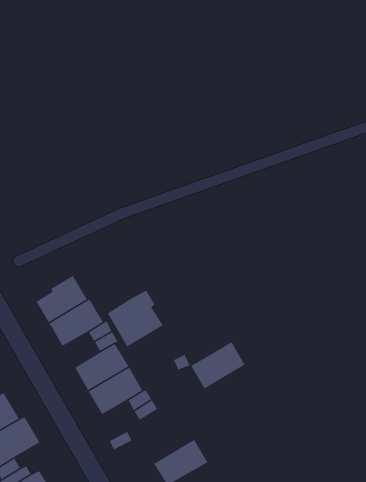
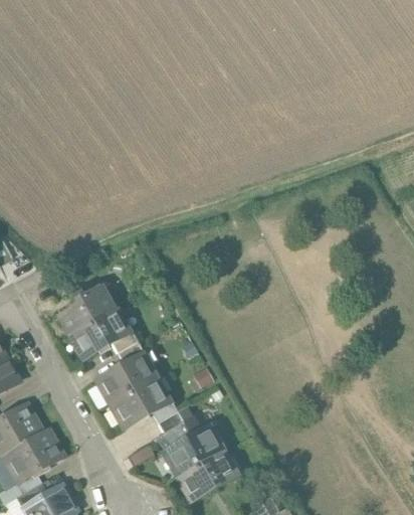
building: [107,290,164,348] -> none
building: [190,341,246,390] -> [164,426,220,476]

